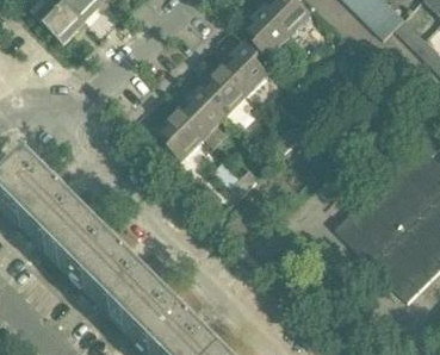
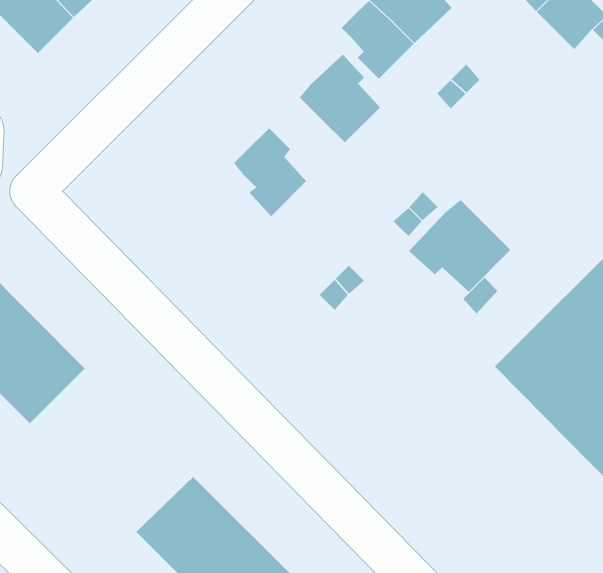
building: [202,66,247,116] -> none
building: [157,105,203,158] -> none
building: none -> [408,199,511,292]
building: [58,228,156,325] -> none

